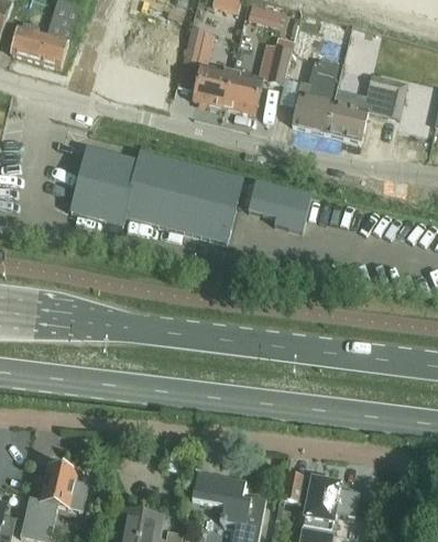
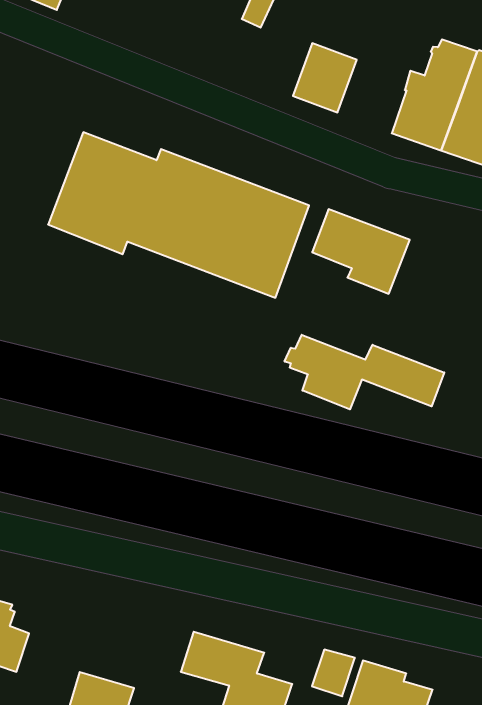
building: [261,44,292,84] -> none
building: [193,65,232,108] -> none
building: none -> [285,335,444,409]

